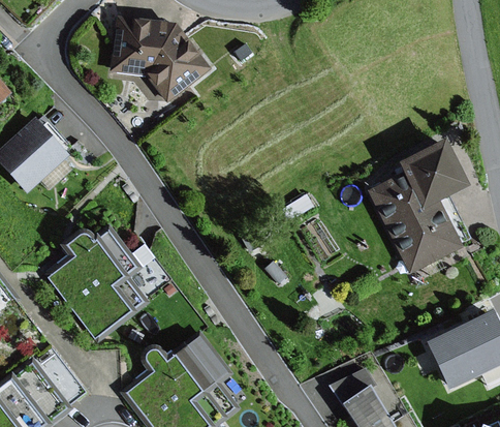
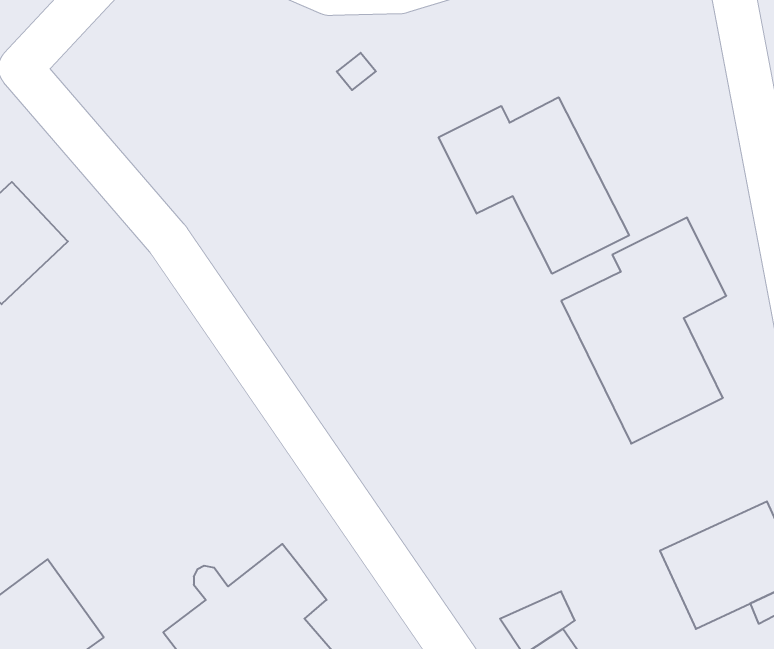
building: [111,13,210,101] -> none
building: none -> [439,97,629,274]
building: [51,234,139,333] -> none

